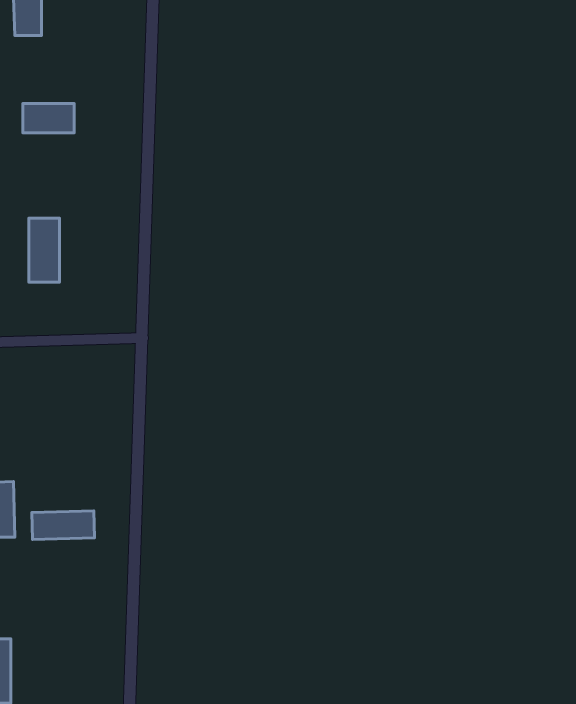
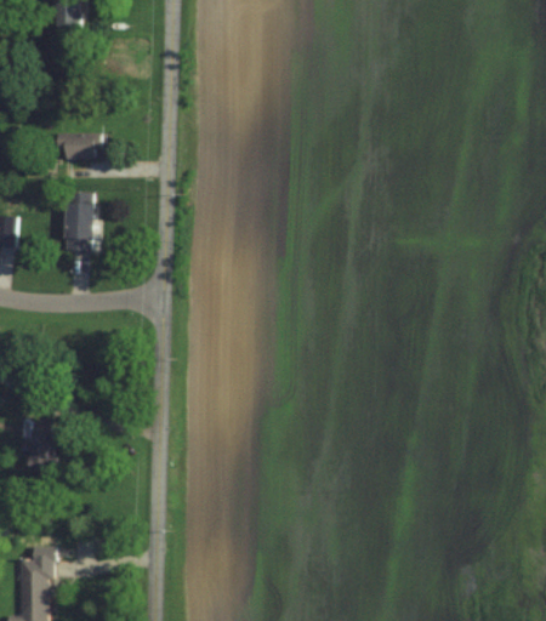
building: [23,103,74,133] -> [57,132,102,158]
building: [32,511,94,539] -> none

